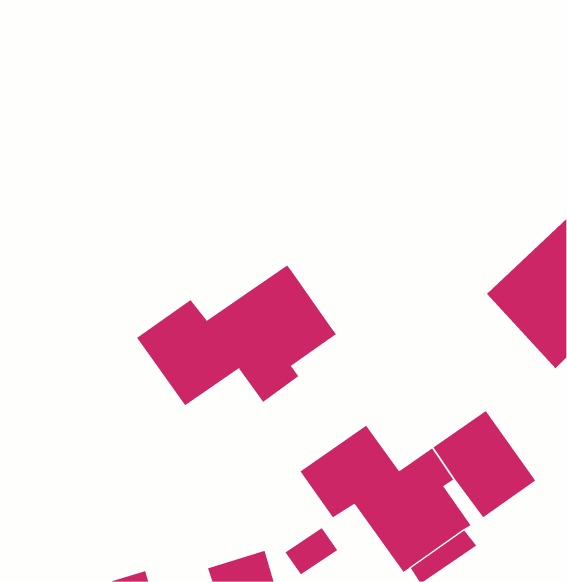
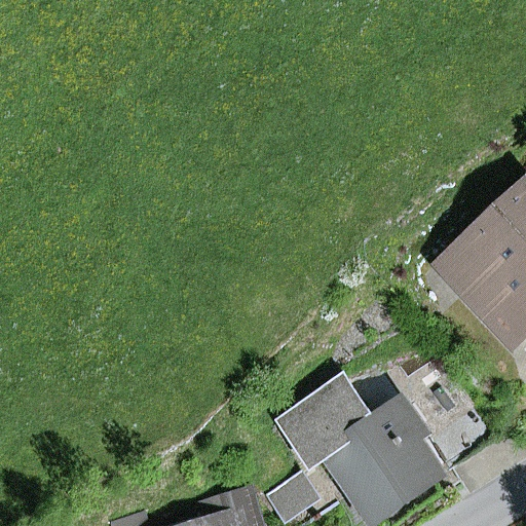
building: [136,264,337,406] -> none

